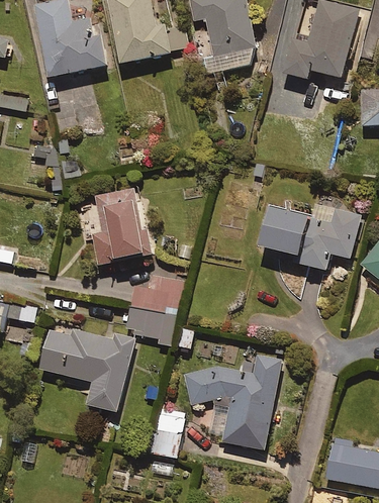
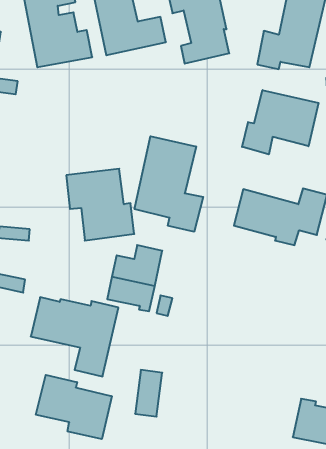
building: none -> [242,90,319,154]
building: none -> [135,136,203,232]
building: [183,350,282,450] -> none
building: none -> [36,375,112,439]

